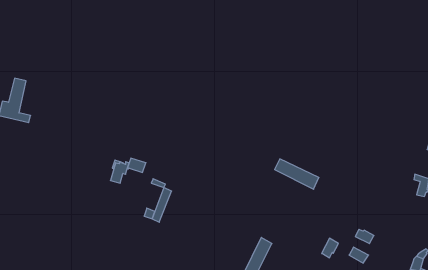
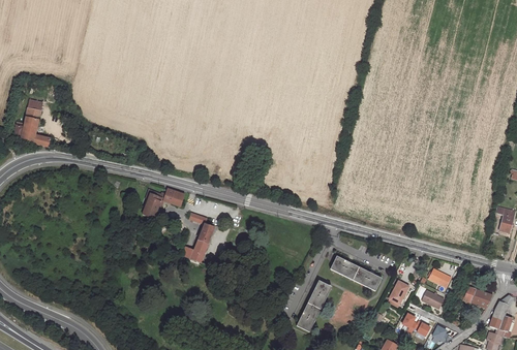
building: [275,159,319,189] -> [330,256,382,291]
building: none -> [462,286,492,308]

